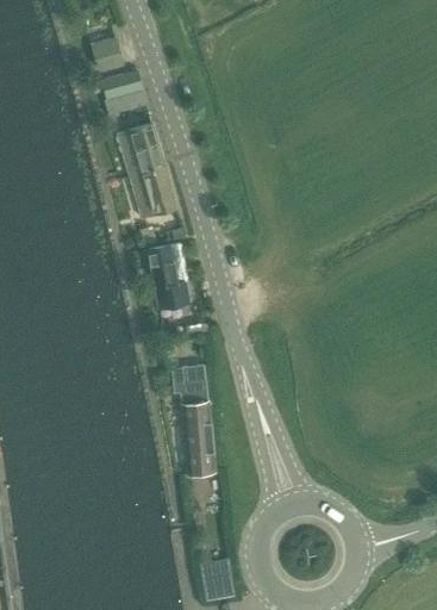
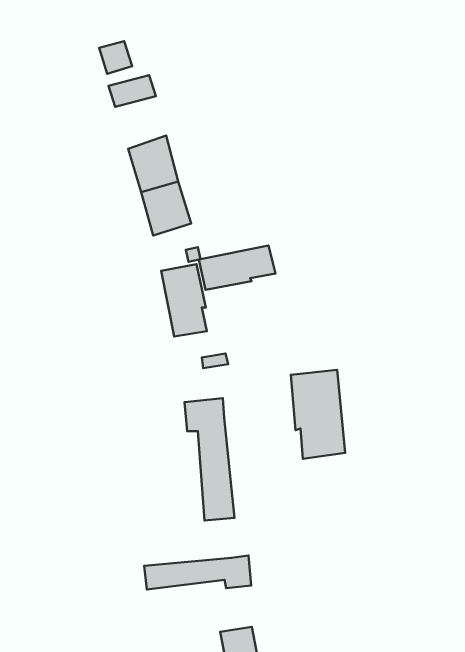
building: none -> [199,246,275,290]
building: none -> [291,370,345,459]
building: none -> [144,556,251,589]

